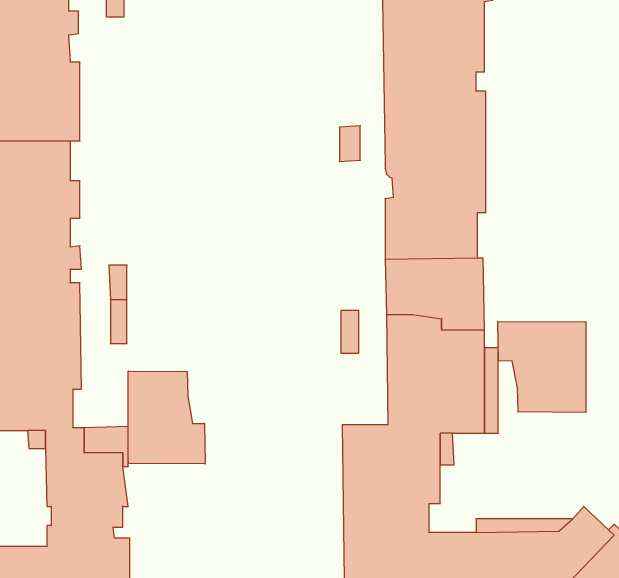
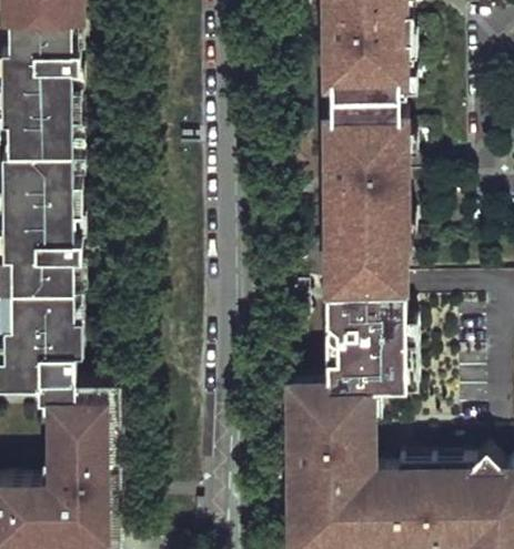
building: [498,321,586,412] -> none
building: [128,371,205,464] -> none

